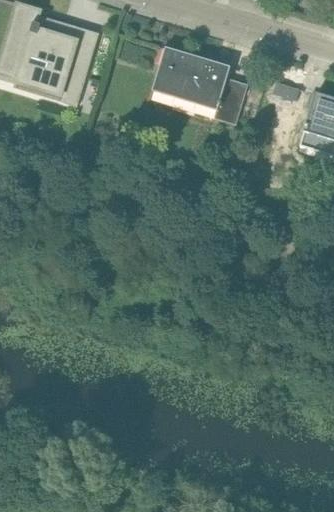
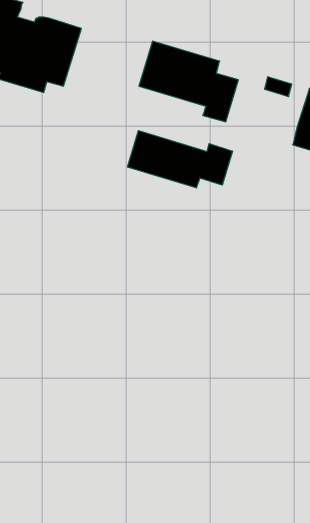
building: none -> [128,131,232,188]

